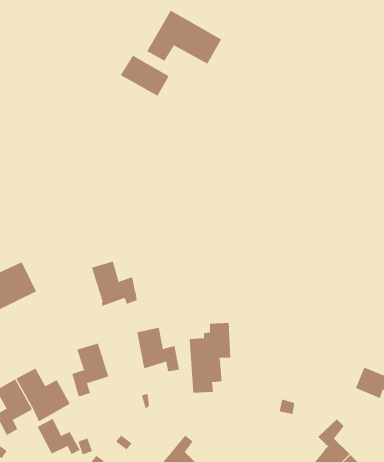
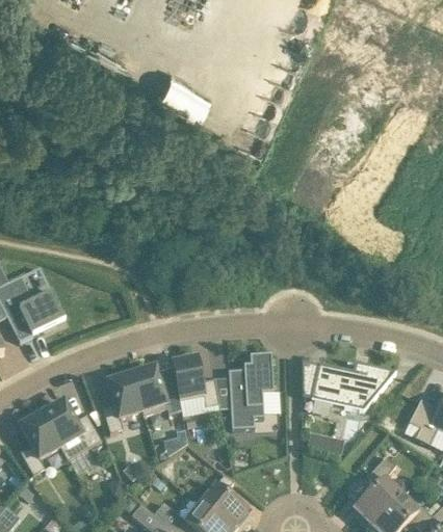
building: [147,10,222,65] -> none
building: [91,261,138,306] -> [131,366,181,415]
building: none -> [301,358,395,407]
building: [37,418,80,455] -> none

